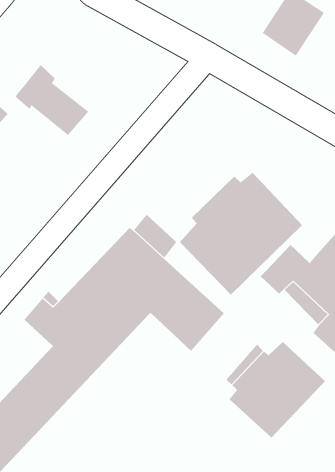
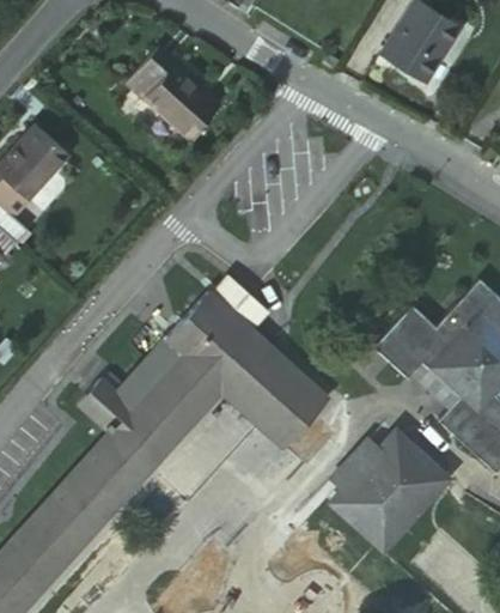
building: [15,64,89,136] -> [112,43,206,133]
building: [179,172,303,296] -> none

